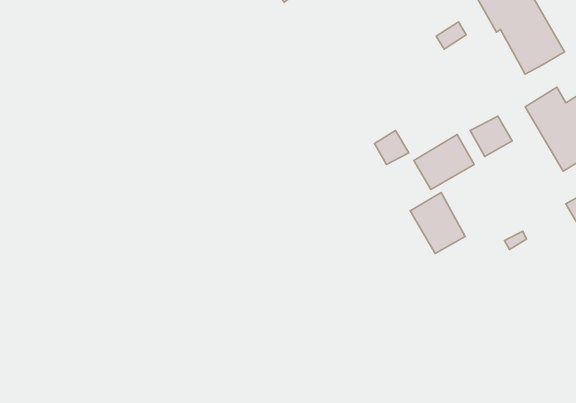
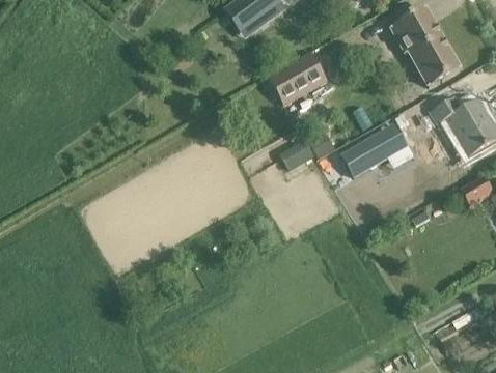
building: none -> [269,52,328,104]
building: none -> [280,138,315,170]
building: [410,193,465,254] -> none

